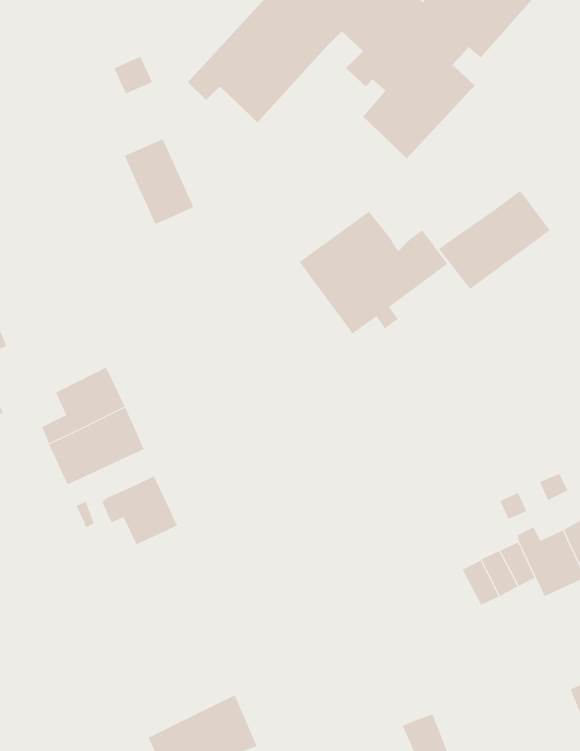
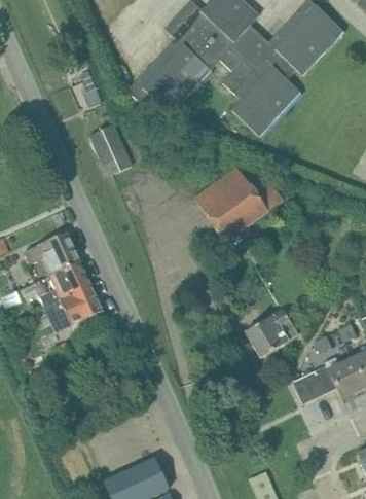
building: [438,190,551,290] -> none
building: none -> [23,231,78,276]
building: none -> [245,310,297,357]
building: [102,476,178,545] -> none

